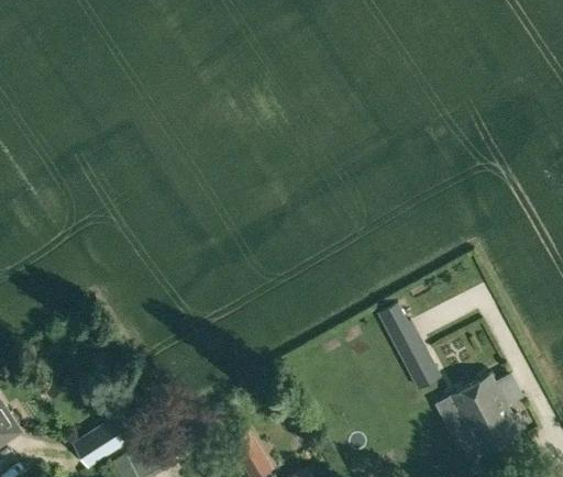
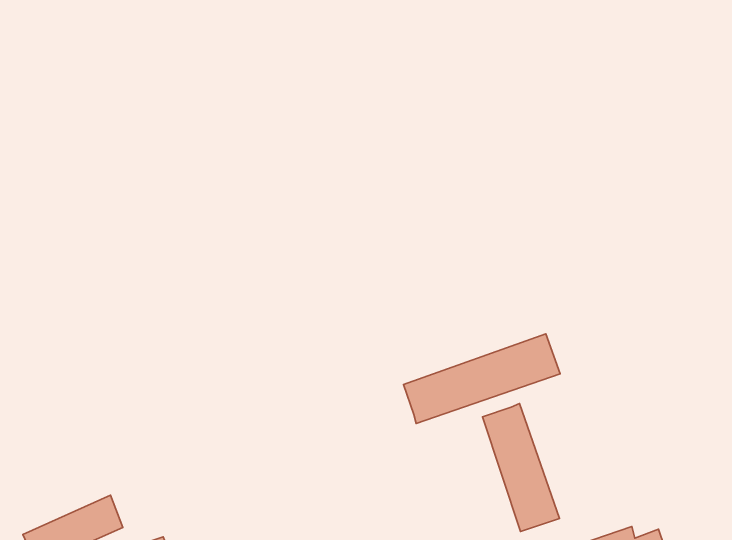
building: none -> [403,334,560,424]

